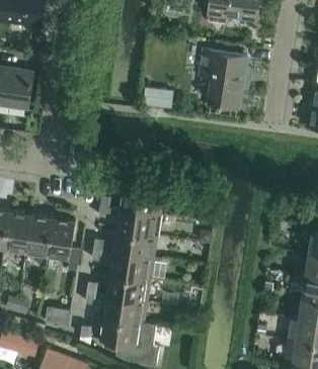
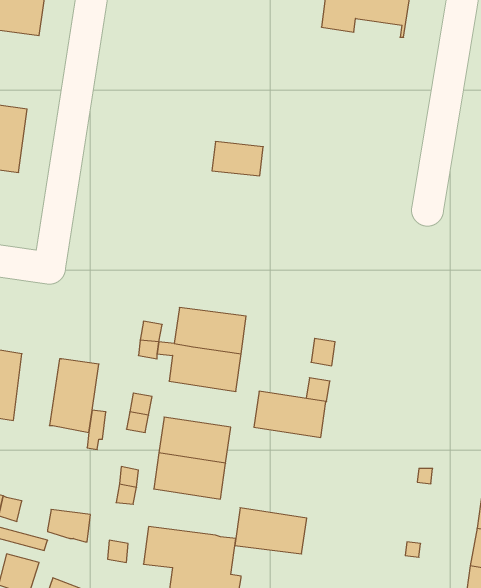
building: [198,41,247,107] -> none
building: [24,215,52,258] -> none
building: [113,232,156,259] -> [254,391,326,437]
building: [104,295,147,322] -> [235,508,307,554]

